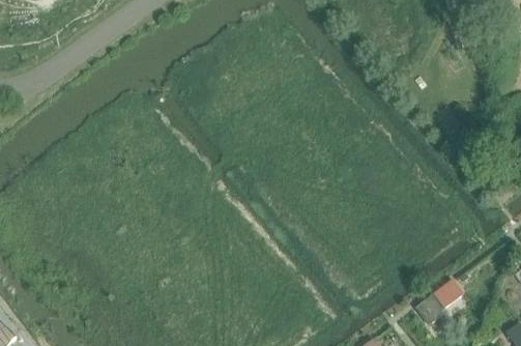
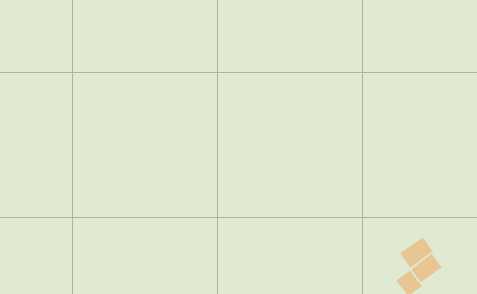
building: none -> [399,236,433,269]

